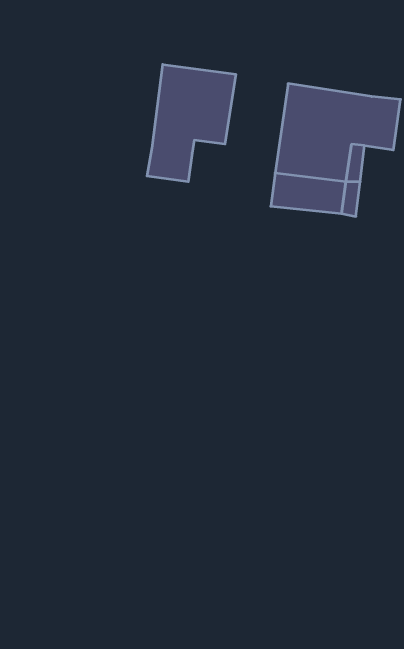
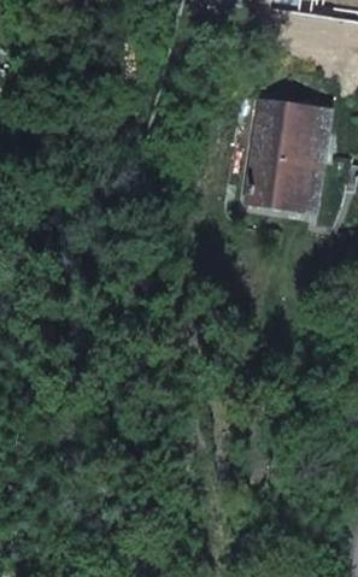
building: [147,64,236,182] -> none

